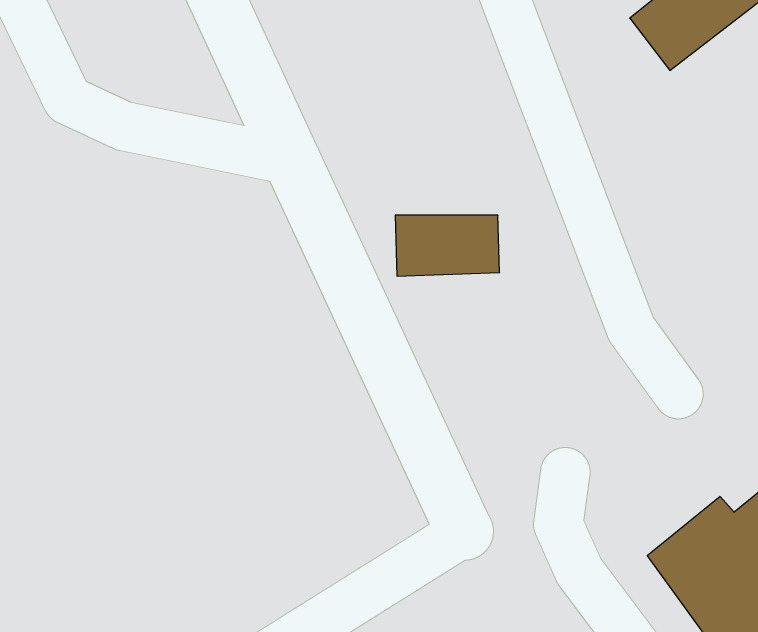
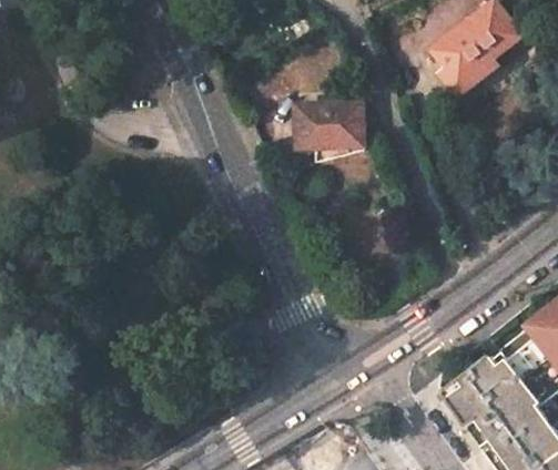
building: [395,215,500,276] -> [297,102,364,141]

